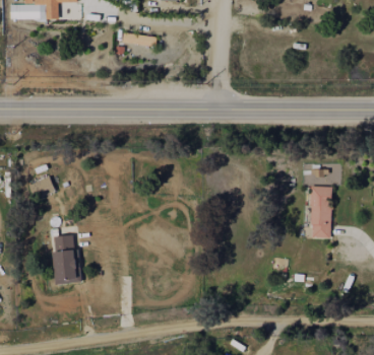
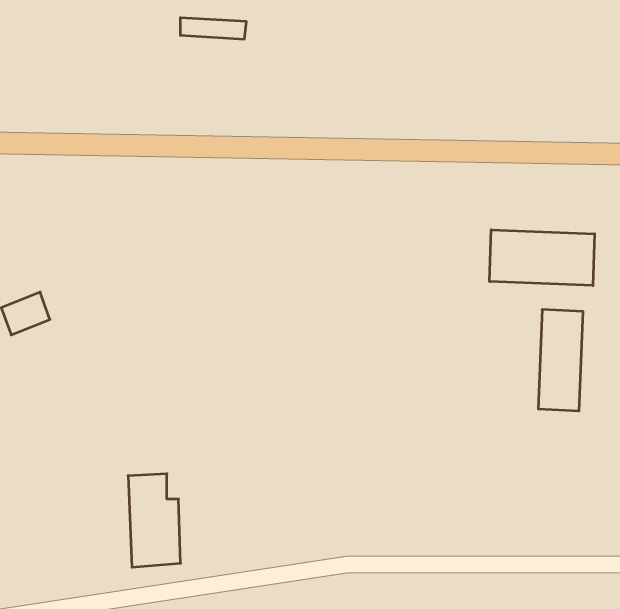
building: none -> [490,230,595,286]
building: [53,235,80,284] -> [128,474,181,567]

